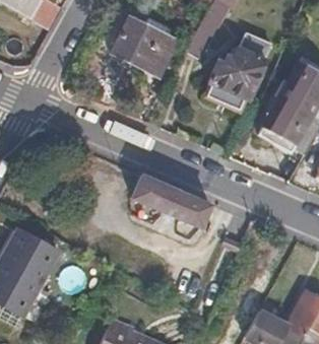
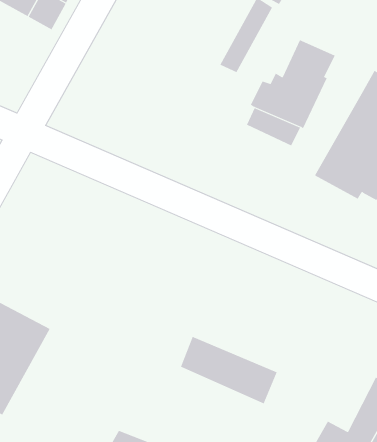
building: [108,19,170,76] -> none
building: [129,175,203,226] -> [180,336,277,404]

